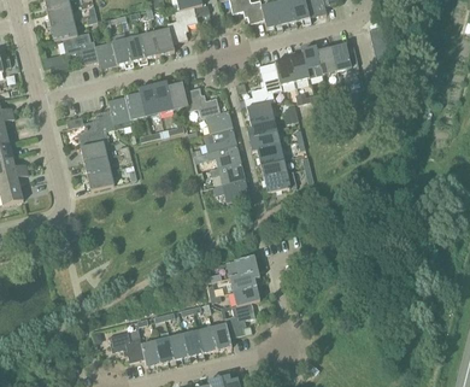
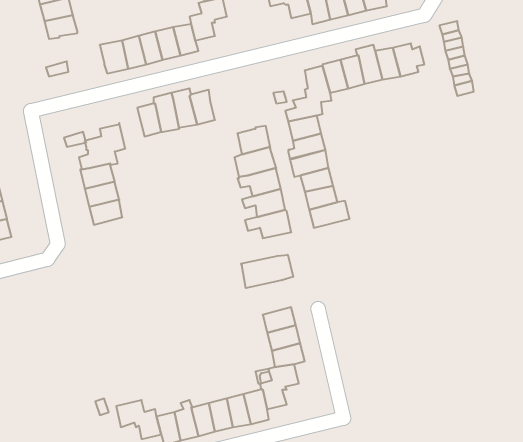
building: [63,31,99,64] -> none
building: [184,86,221,117] -> none
building: [108,95,133,128] -> none
building: none -> [241,255,293,288]

